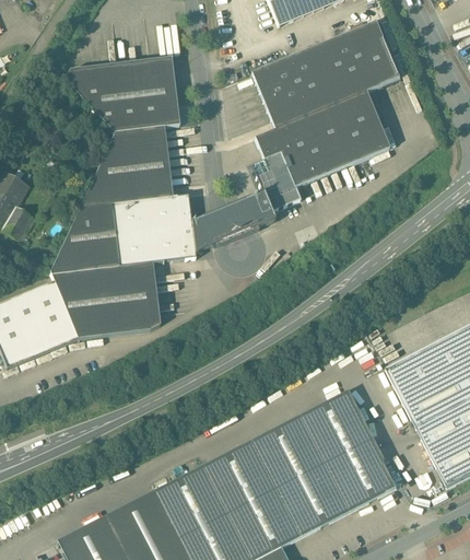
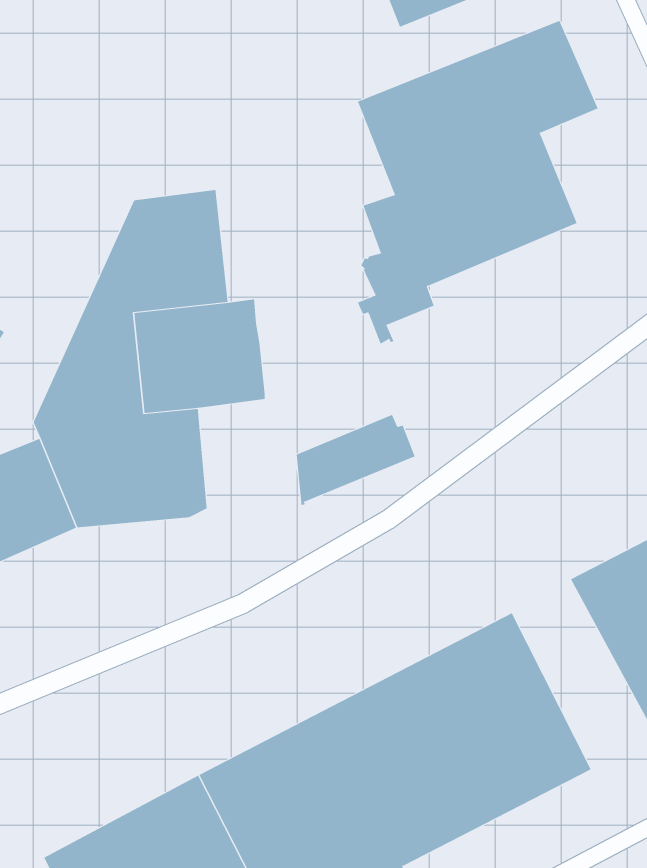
building: [64,59,180,133] -> none
building: [192,197,267,254] -> [296,414,415,506]

